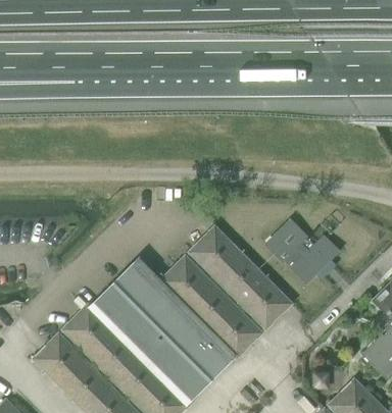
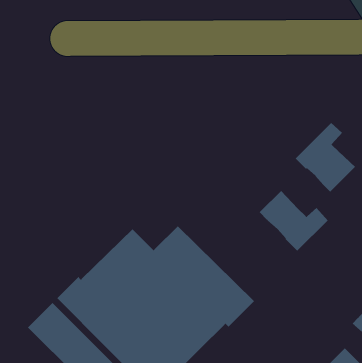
building: none -> [295,122,356,192]
building: [188,226,291,329] -> none

